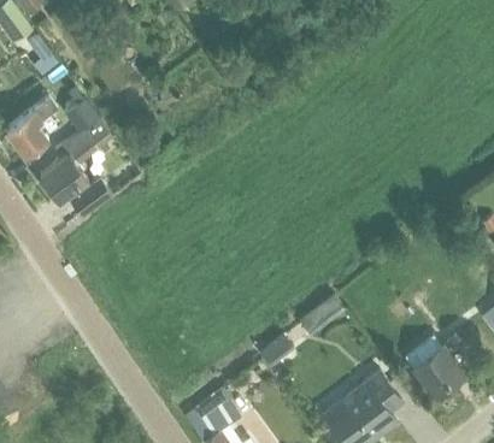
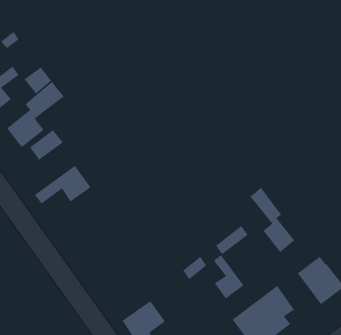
building: none -> [34,165,91,205]
building: none -> [249,187,295,253]
building: none -> [213,254,245,299]

